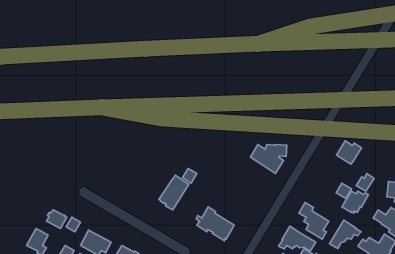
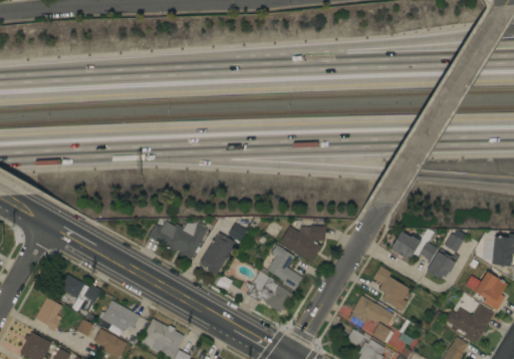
building: [336,141,361,164] -> [391,231,422,260]
building: [251,144,287,173] -> [280,226,325,262]
building: none -> [149,221,207,260]
building: none -> [267,245,302,290]
building: [330,220,361,249] -> none

